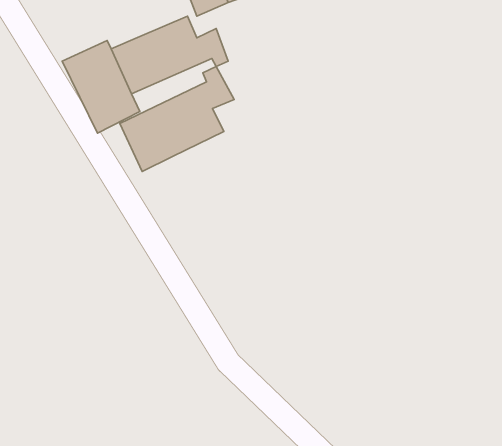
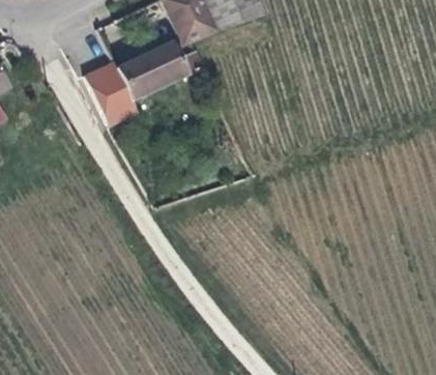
building: [120,67,234,172] -> none

